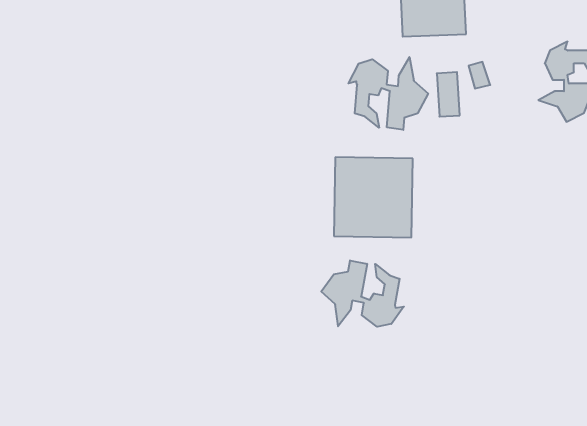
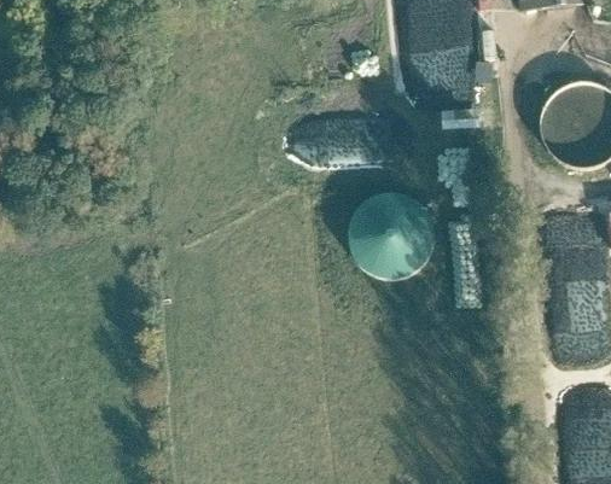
building: [348,57,428,130] -> none
building: [321,260,404,327] -> none

